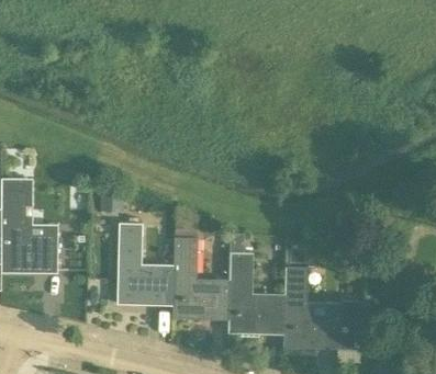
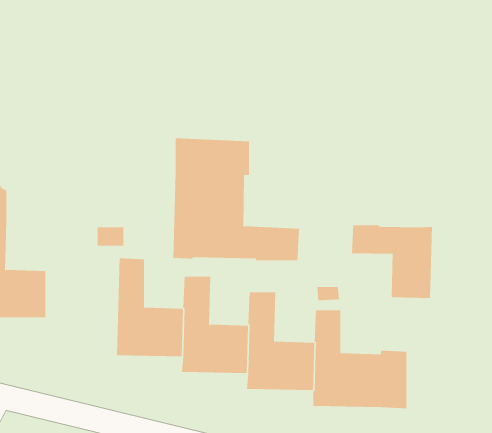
building: none -> [173,137,299,261]
building: none -> [352,225,433,299]

